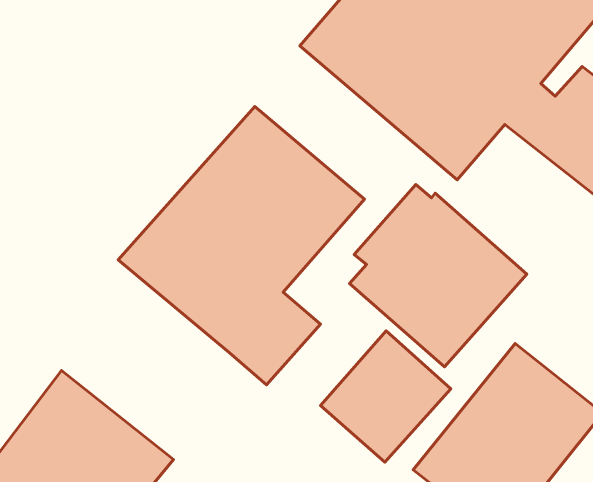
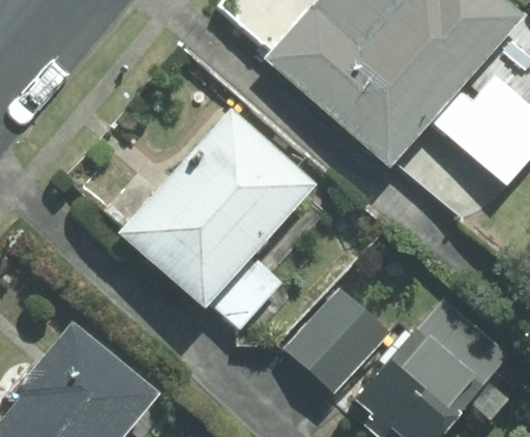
building: [349,184,527,367] -> none

